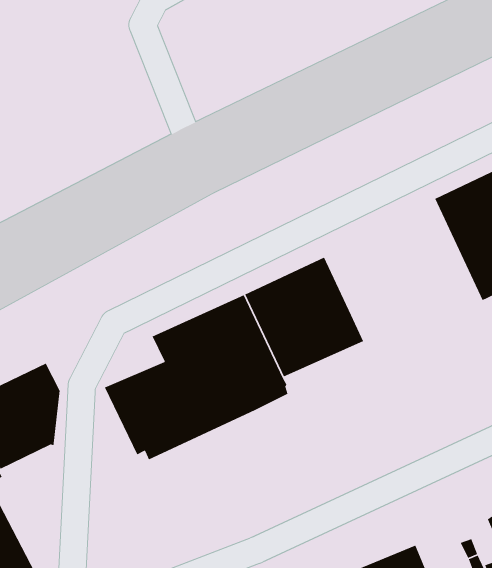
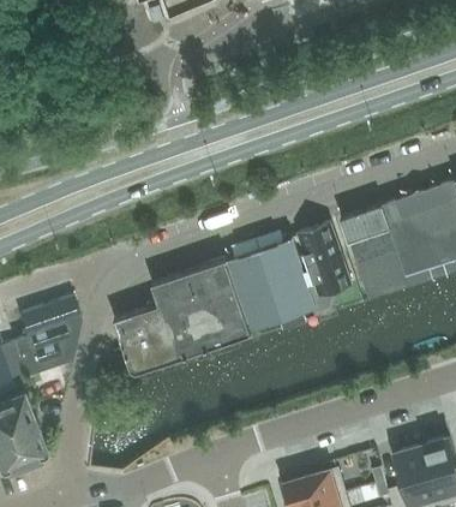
building: none -> [341,205,409,302]
building: none -> [294,225,352,315]

